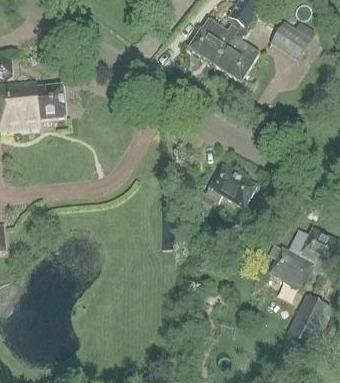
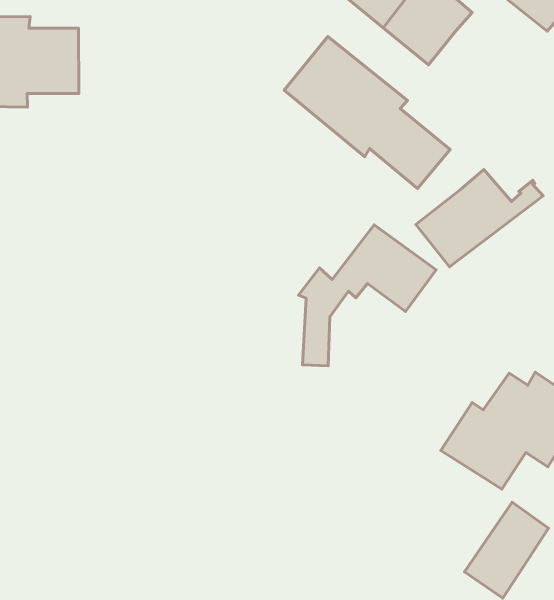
building: none -> [284,36,450,188]
building: none -> [416,170,543,267]

